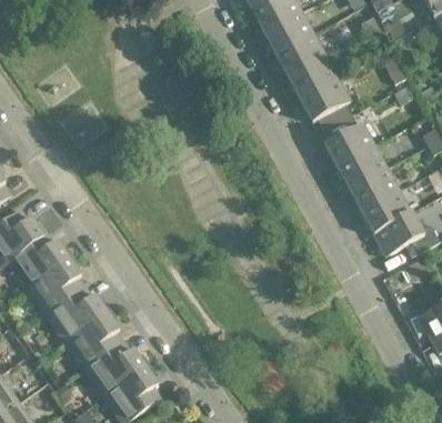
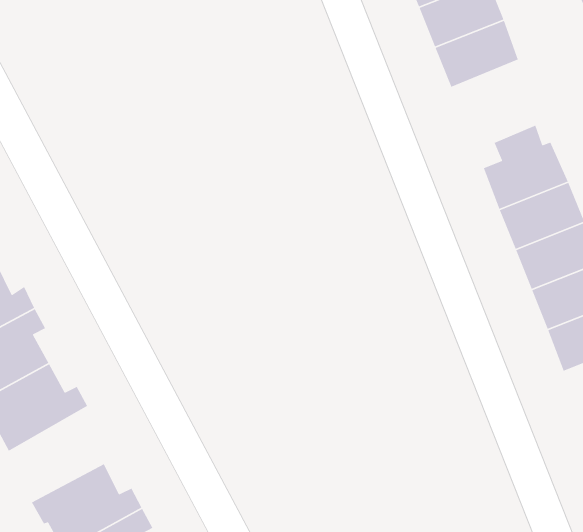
building: [299,77,351,127] -> none
building: [67,309,123,369] -> none

